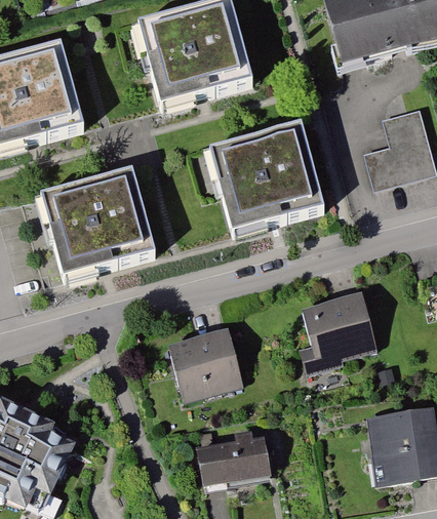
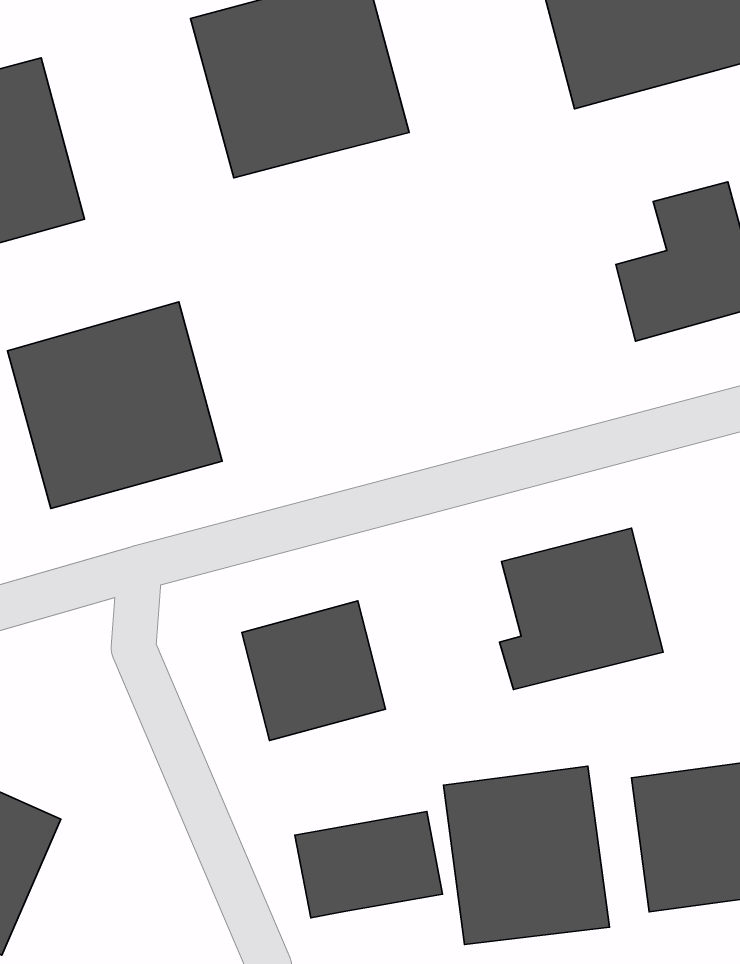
building: [211,122,325,232] -> none
building: none -> [444,766,610,944]

